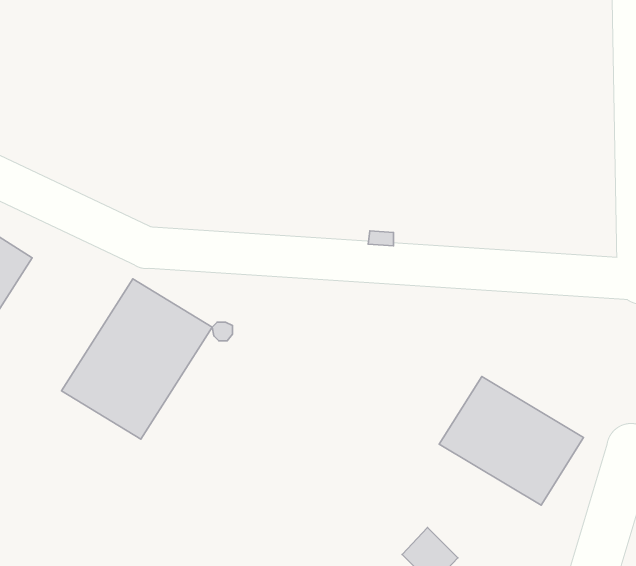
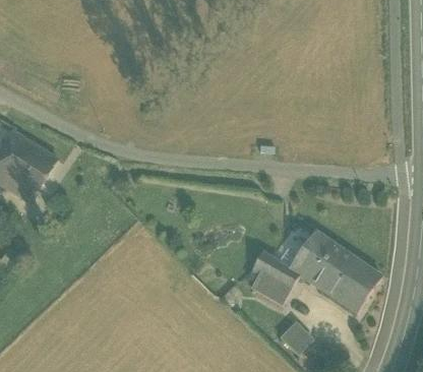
building: [61,279,212,439] -> none
building: none -> [251,225,323,304]

